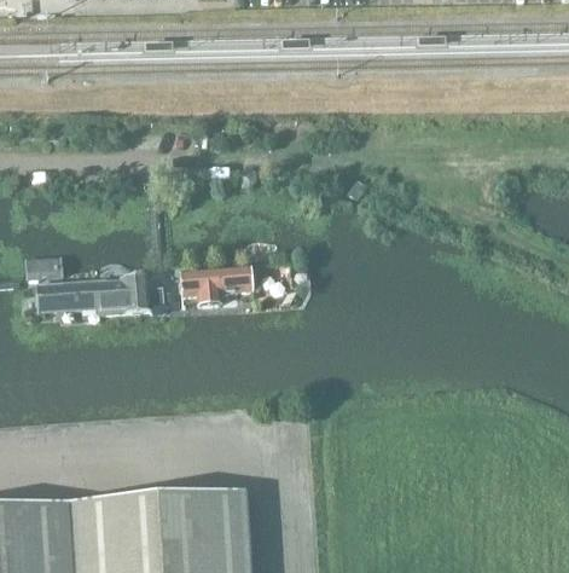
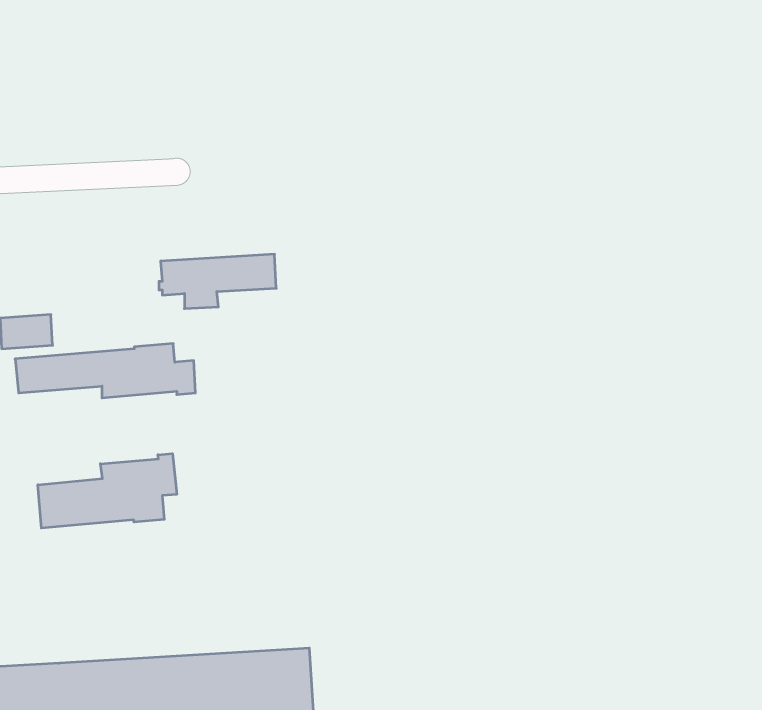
building: [178,266,261,305] -> [159,254,276,309]
building: none -> [38,454,177,528]

